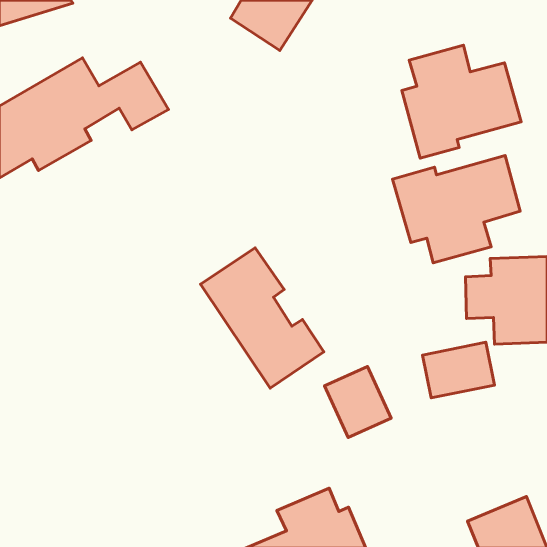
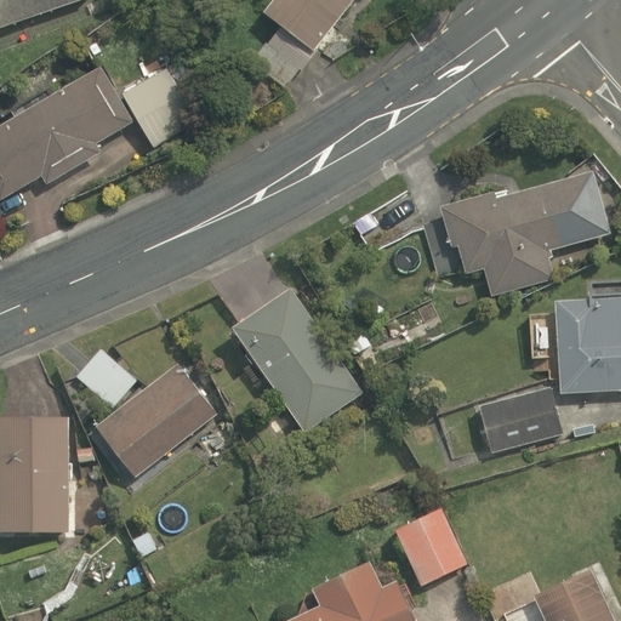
building: [402,45,521,158] -> none
building: none -> [70,343,217,478]
building: [325,367,391,437] -> [393,505,468,585]
building: none -> [8,416,73,535]

